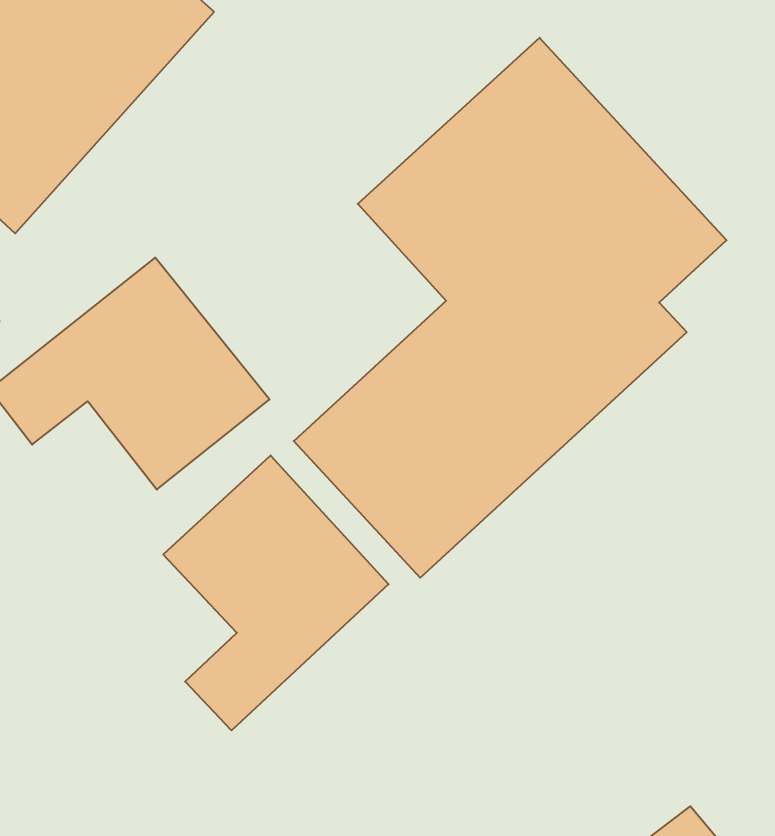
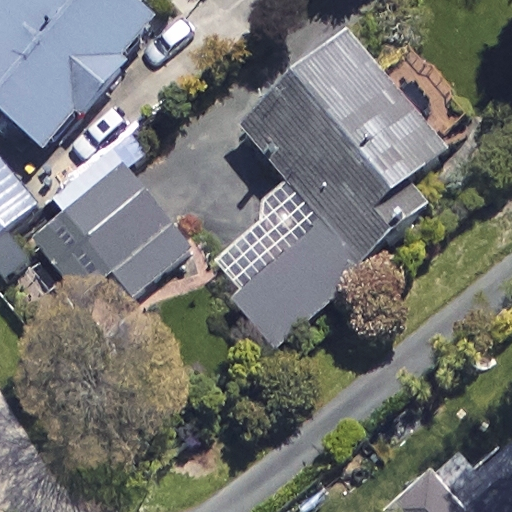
building: [163,455,389,730] -> none

